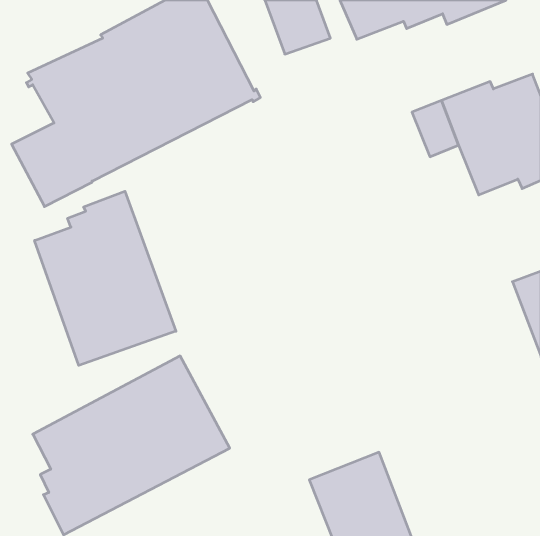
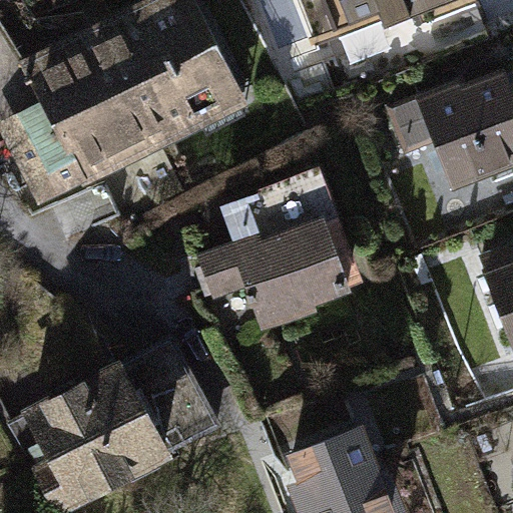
building: none -> [202,176,349,322]
building: [35,191,176,365] -> none

